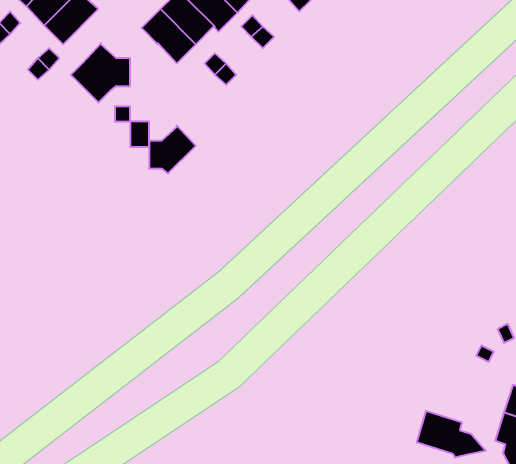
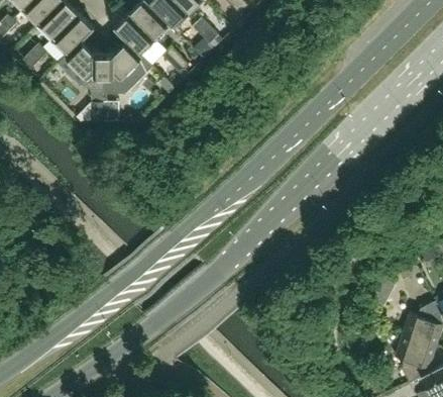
building: none -> [51,14,95,58]
building: [149,125,196,174] -> [105,41,142,80]
building: [417,411,486,458] -> none

